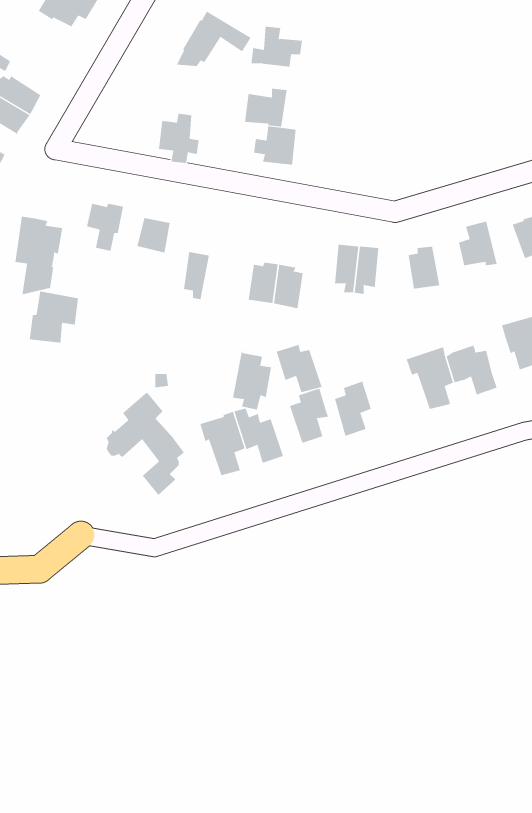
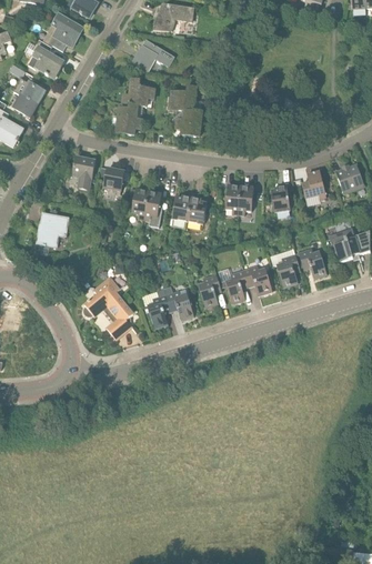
building: none -> [28,39,63,77]
building: [251,26,303,67] -> [122,80,154,105]
building: [15,216,63,295] -> none
building: [276,344,322,393] -> [243,264,272,294]
building: [232,351,272,410] -> [143,190,168,226]

